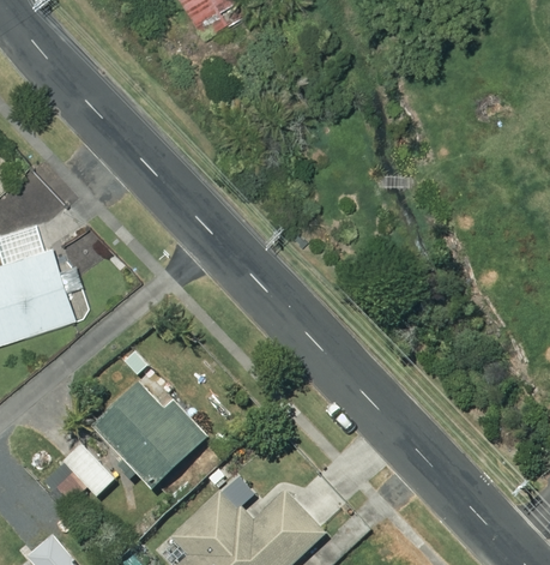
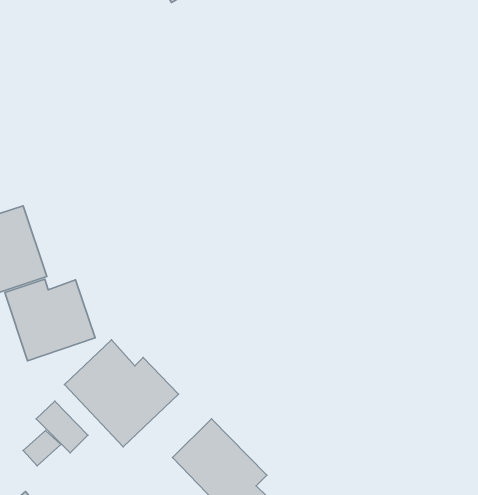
building: none -> [5,279,95,361]

